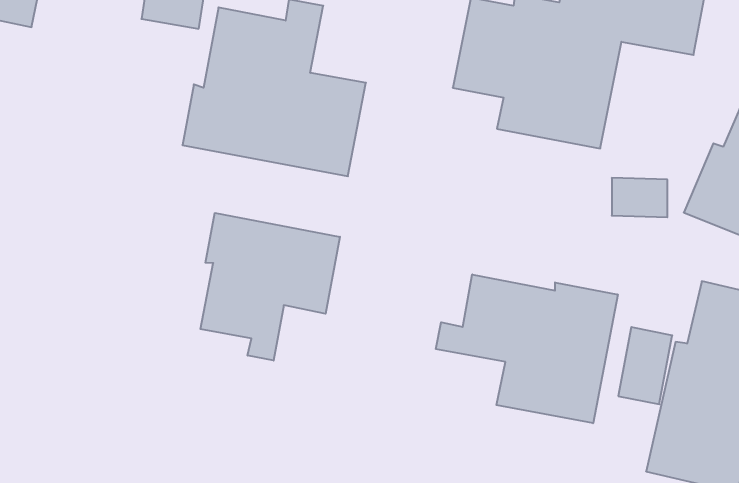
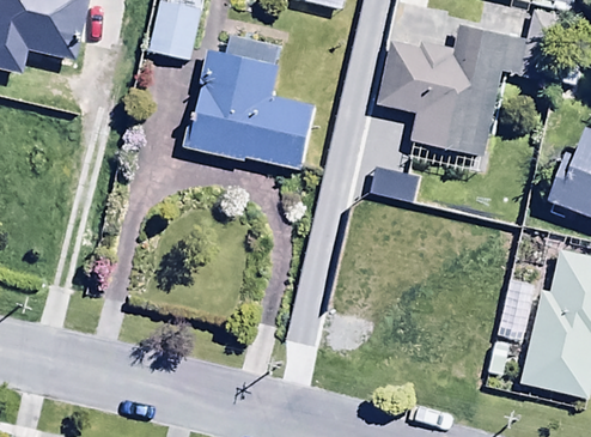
building: [200,213,340,361] -> none
building: [436,274,618,423] -> none

